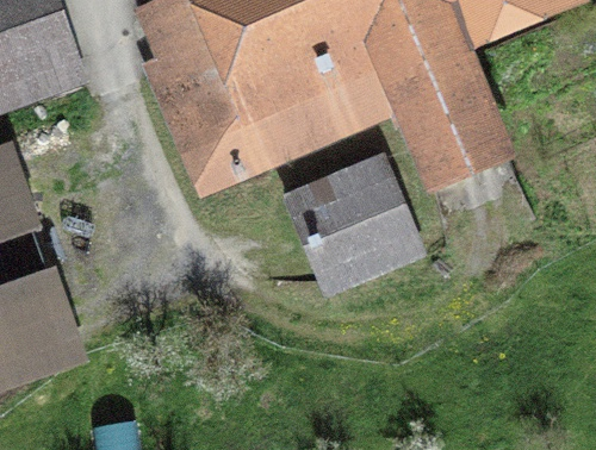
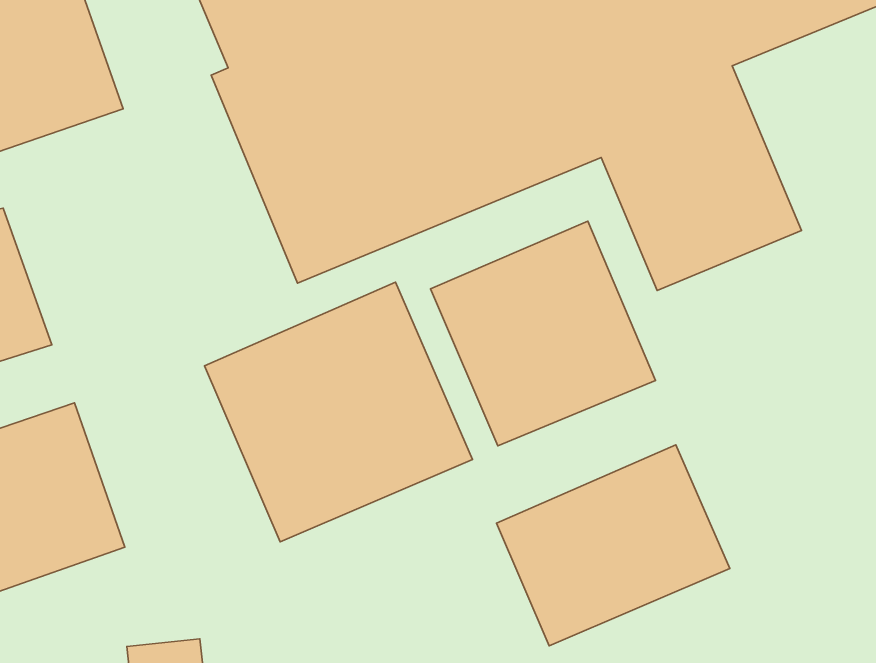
building: none -> [205,282,472,542]
building: none -> [497,445,730,646]

